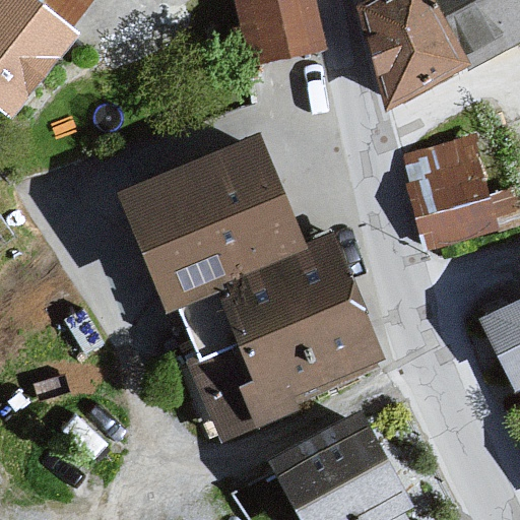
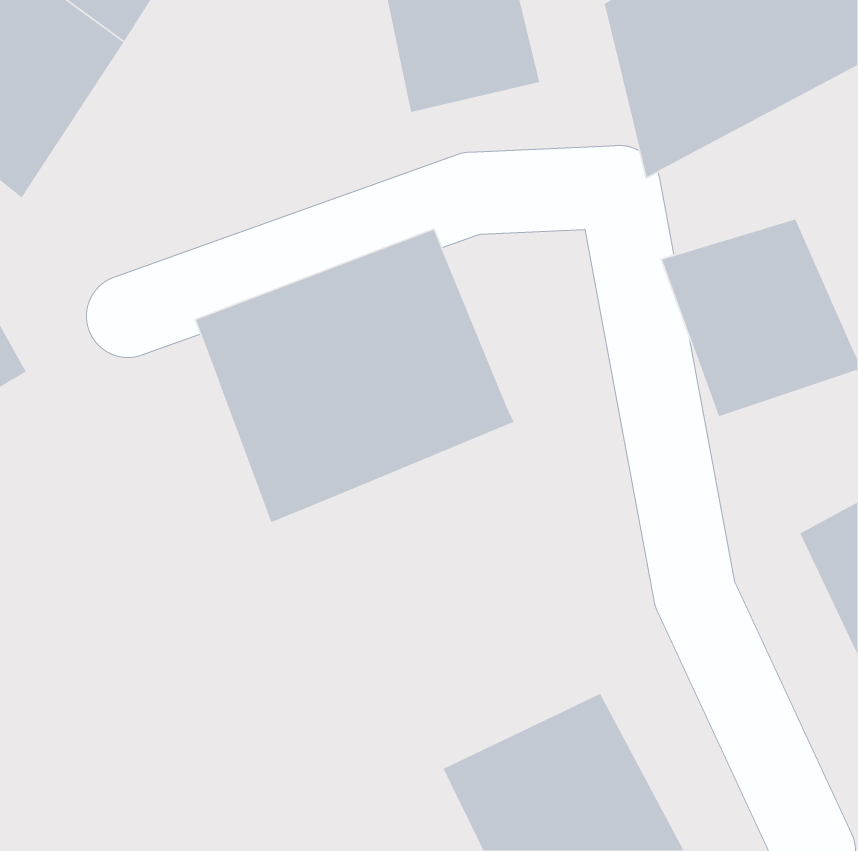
building: [190,239,378,436] -> none

